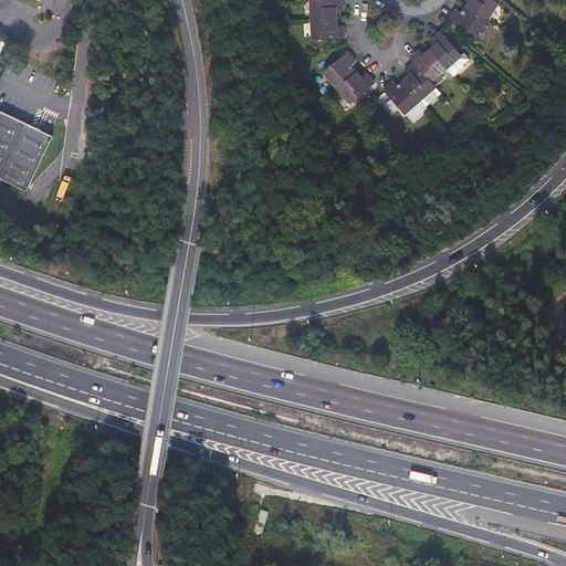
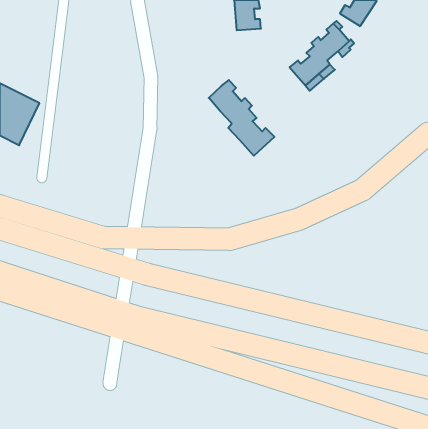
building: [324,51,374,102] -> none
building: none -> [209,80,274,156]

